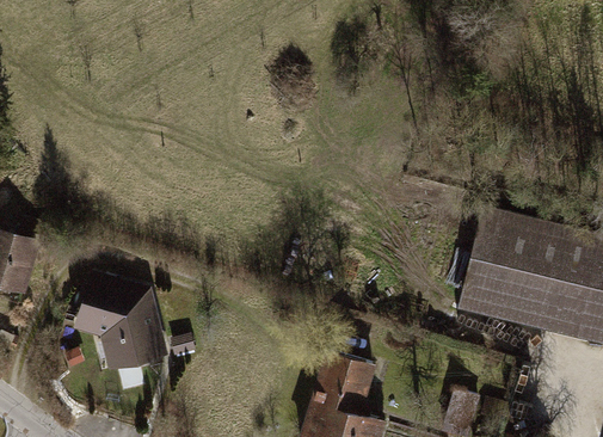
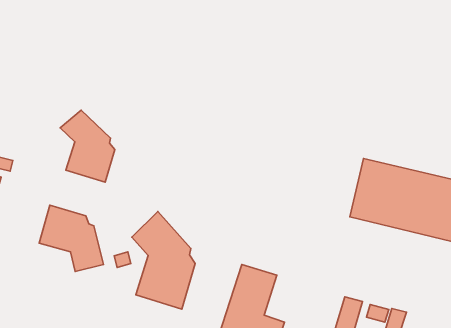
building: none -> [60,110,115,182]
building: none -> [132,212,195,309]

